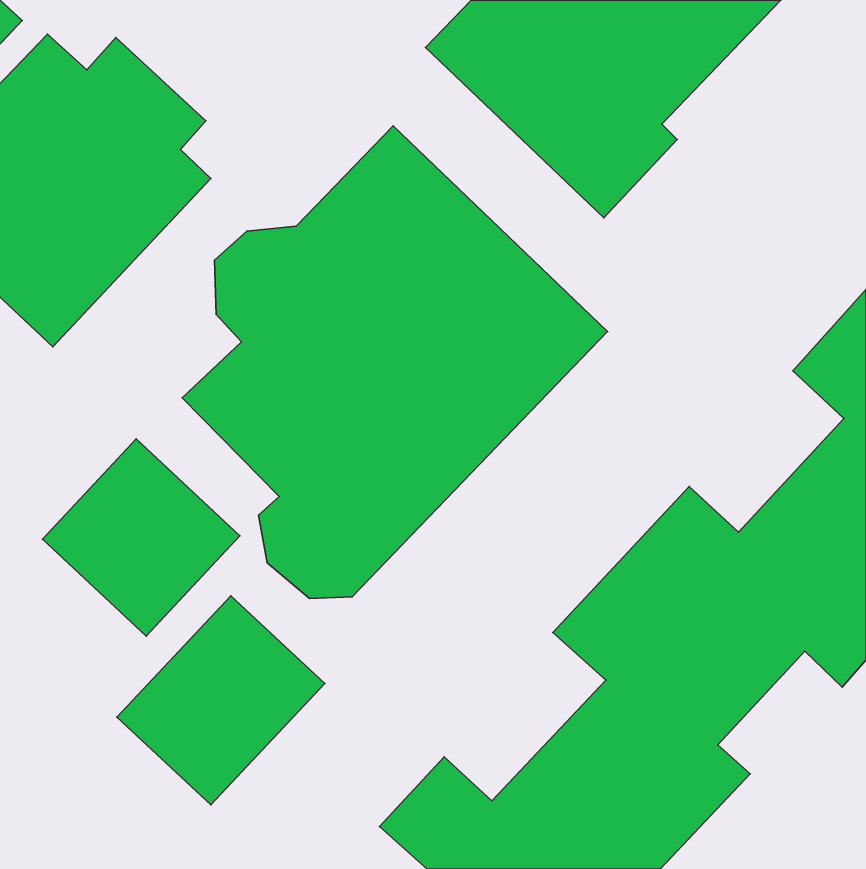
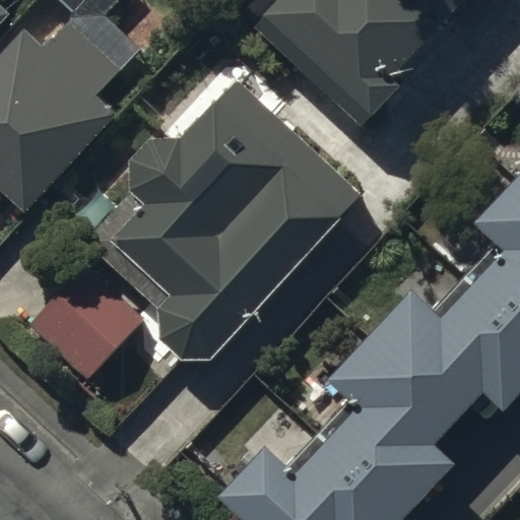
building: [117,596,325,805] -> none

